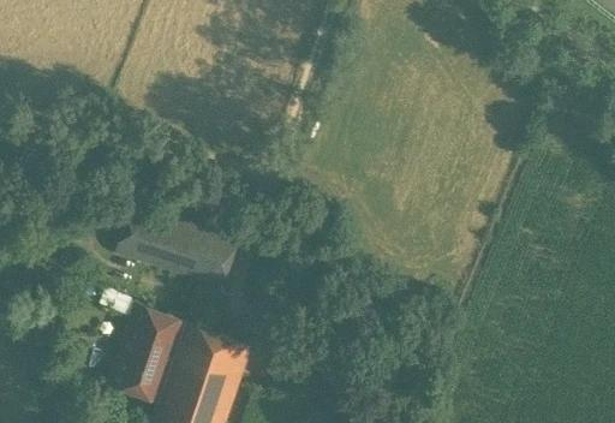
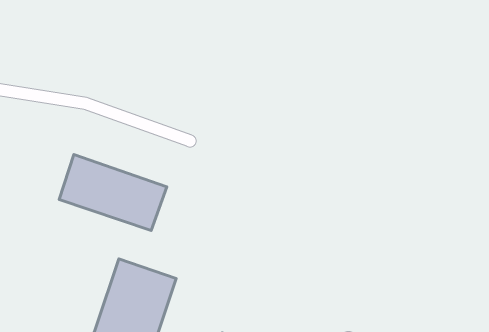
building: [111,306,186,403] -> none

